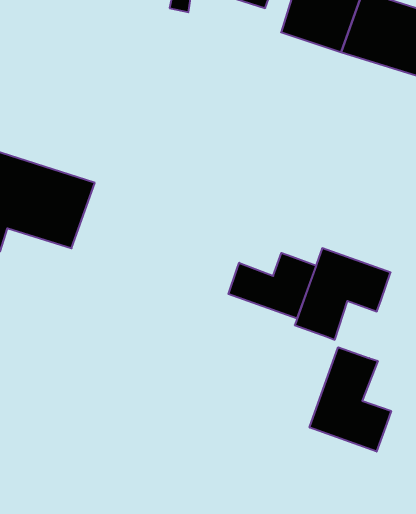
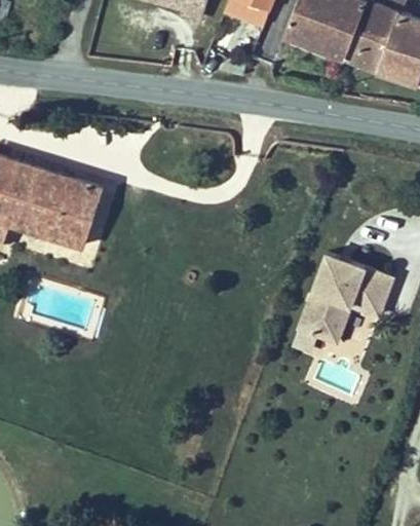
building: [228,253,316,319] -> none
building: [310,347,391,452] -> none

